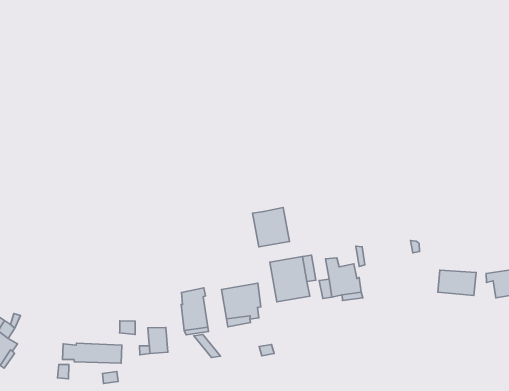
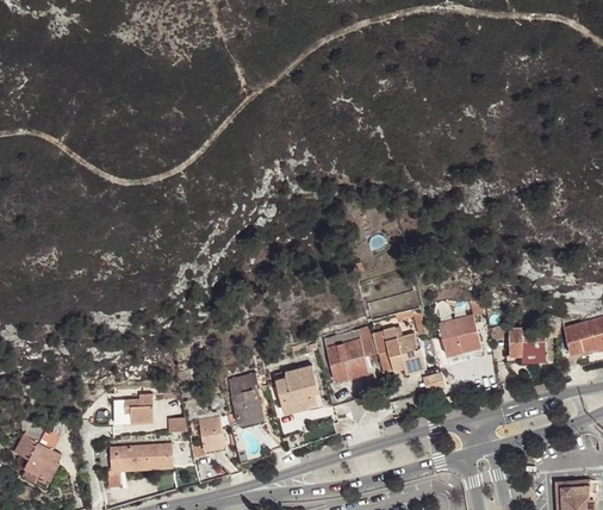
building: [252,208,289,247] -> none
building: none -> [439,316,481,356]
building: none -> [113,397,154,425]

